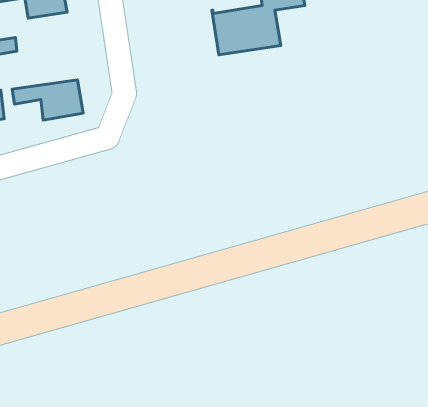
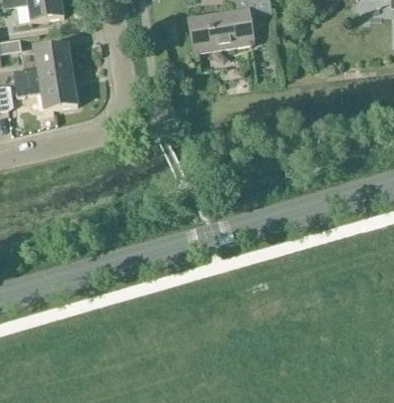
building: none -> [13,44,72,83]

